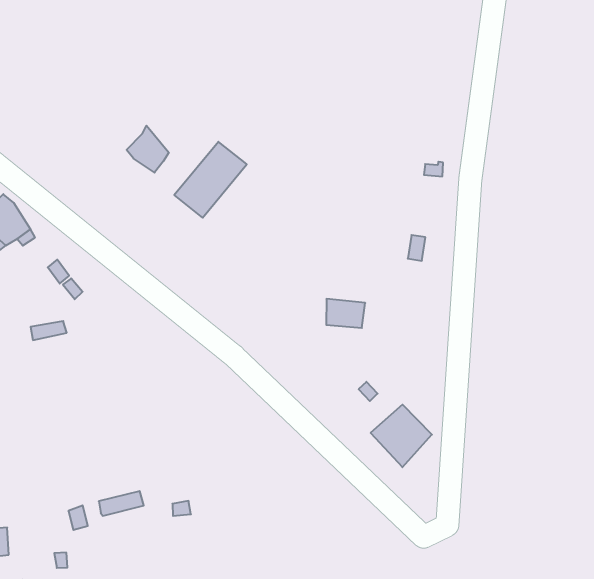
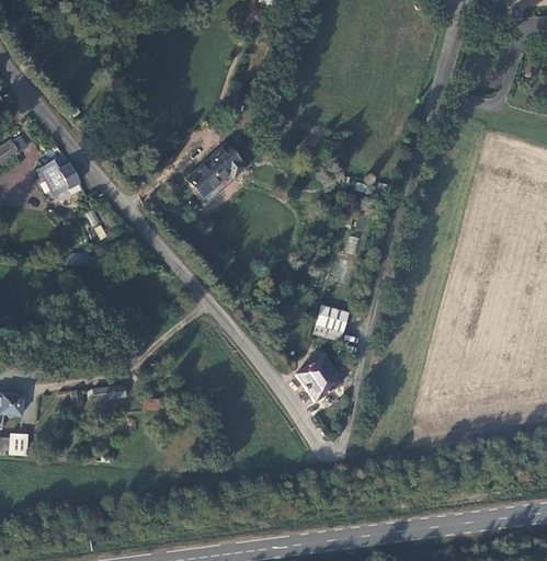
building: [127,126,169,173] -> none
building: [326,299,365,328] -> [319,306,350,331]

